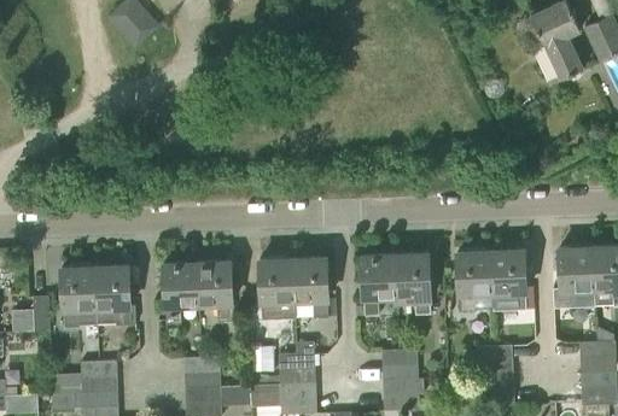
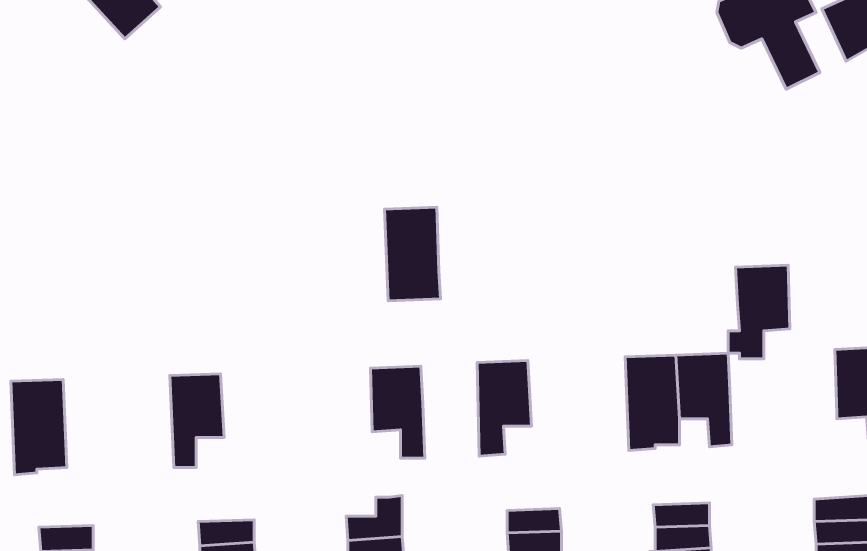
building: [554,246,594,306] -> [728,265,790,359]
building: [395,252,431,312] -> none
building: [260,258,296,318] -> [384,207,441,301]
building: [197,260,233,321] -> none
building: [95,264,136,324] -> none

